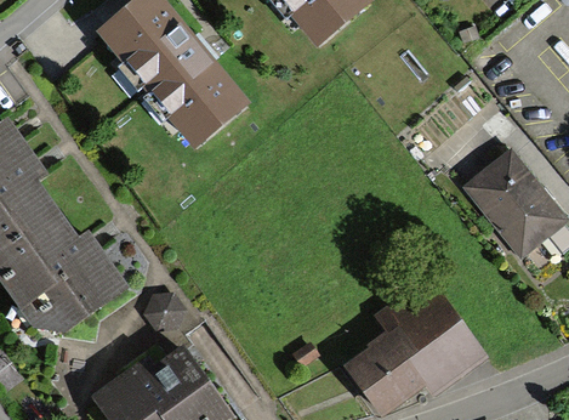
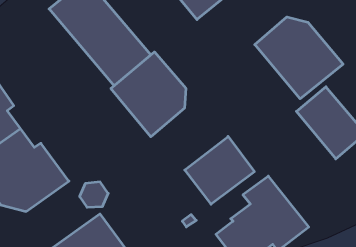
building: none -> [255,17,343,99]
building: none -> [111,52,186,137]
building: none -> [185,136,254,204]

